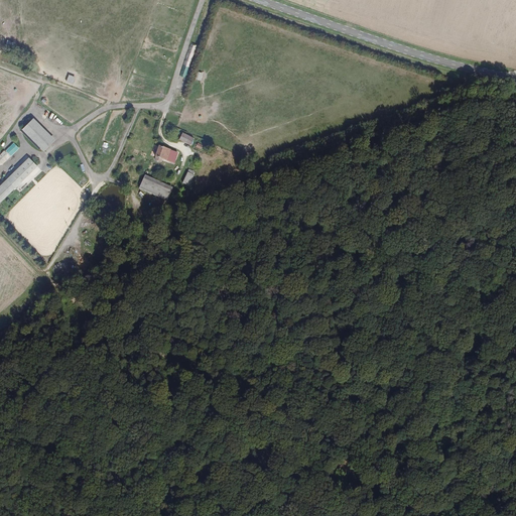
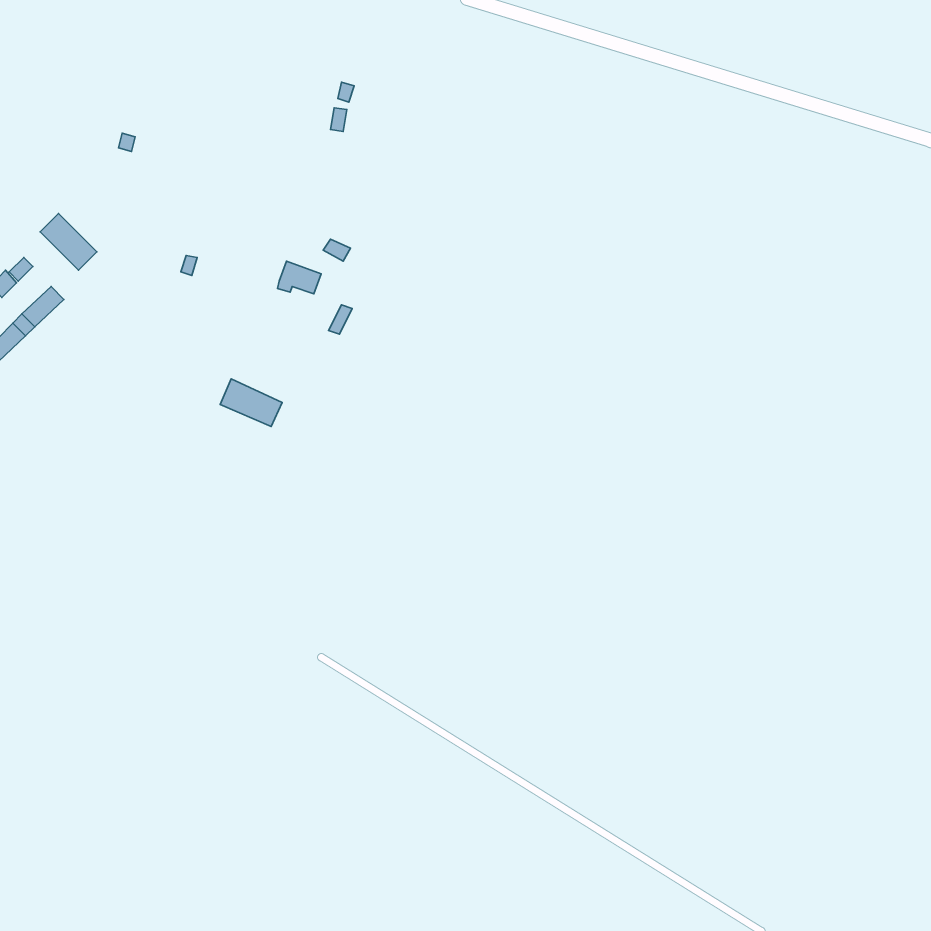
building: [138,173,172,200] -> [220,379,282,426]

